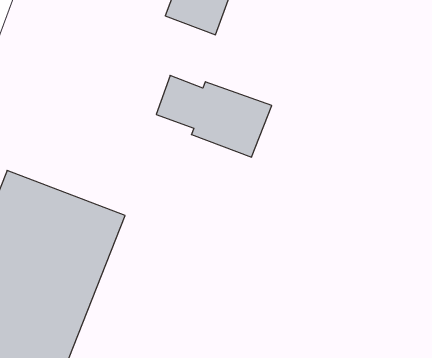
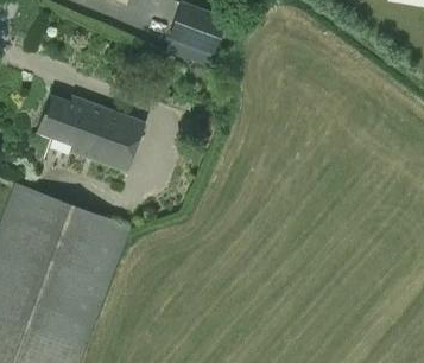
building: [156,75,272,157] -> [38,95,147,172]

